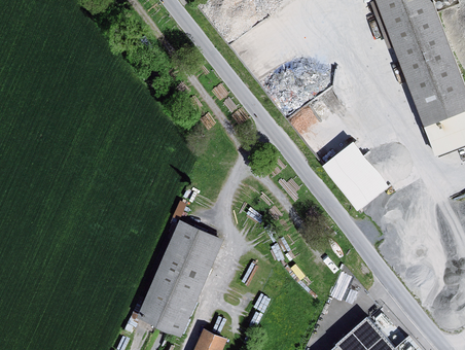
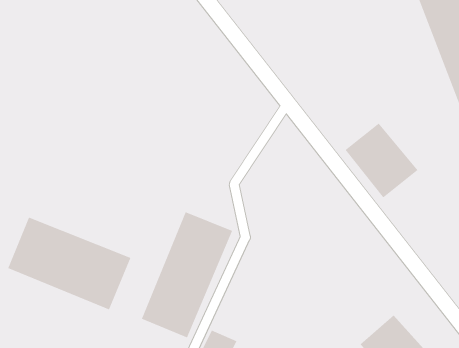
building: none -> [7,217,131,310]

